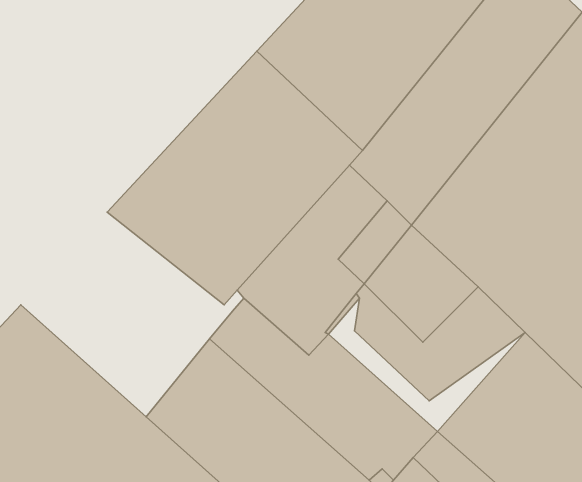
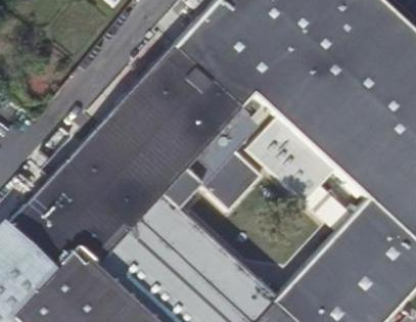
building: none -> [28,147,155,276]

